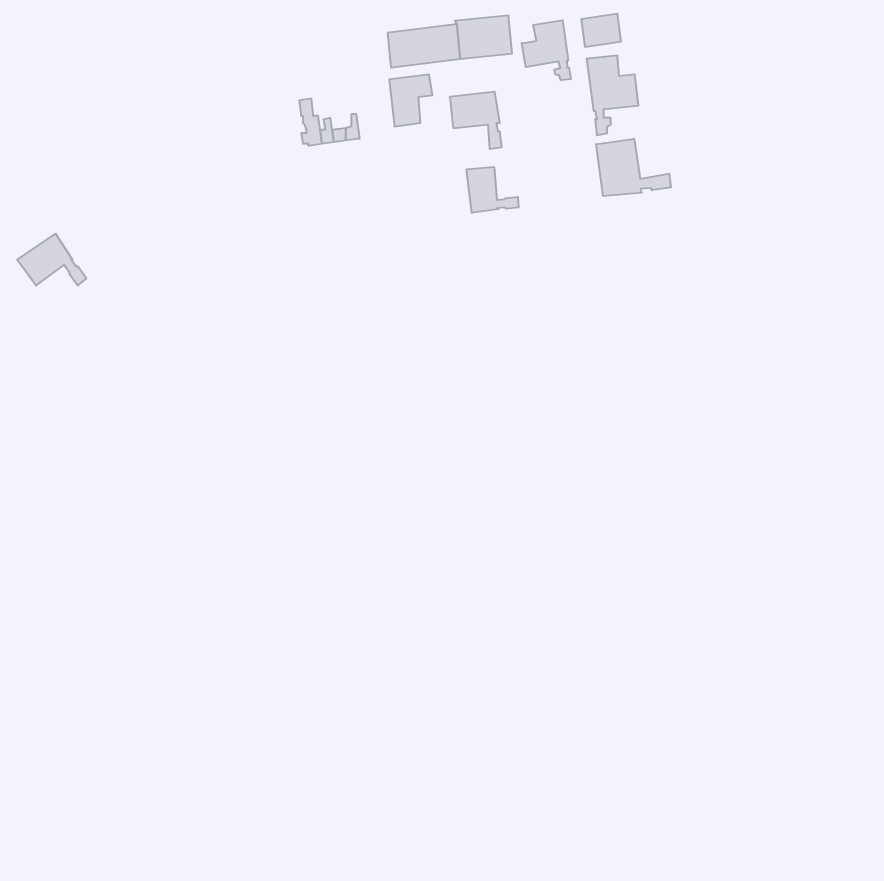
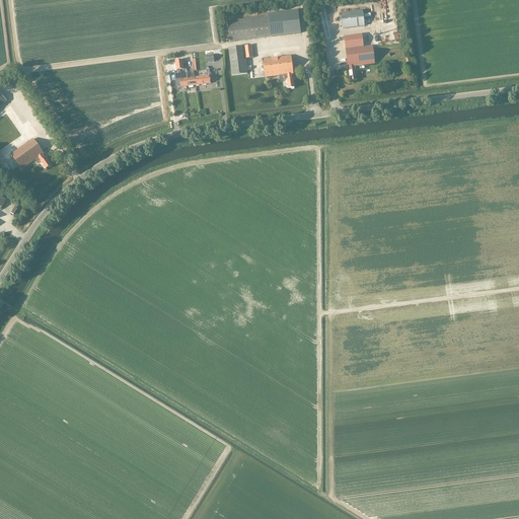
building: [522,20,571,80] -> none
building: [596,139,671,196] -> none
building: [467,167,519,213] -> none

